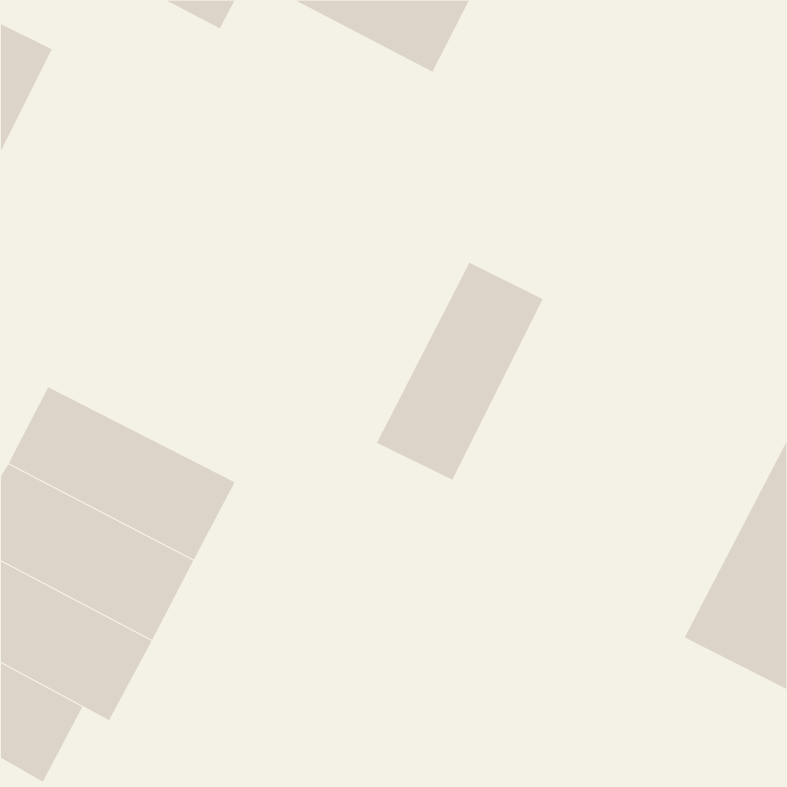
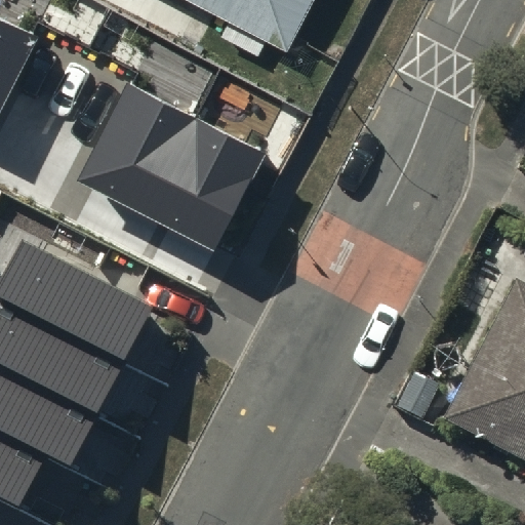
building: none -> [81,80,264,245]
building: [376,262,543,481] -> none

